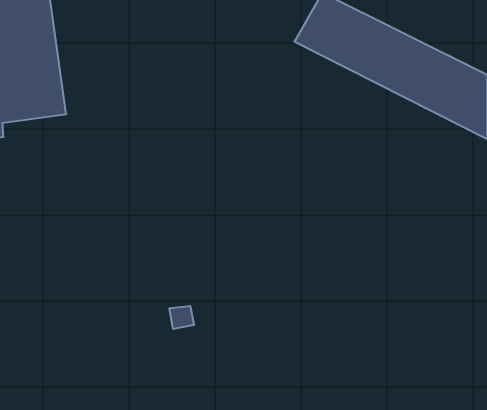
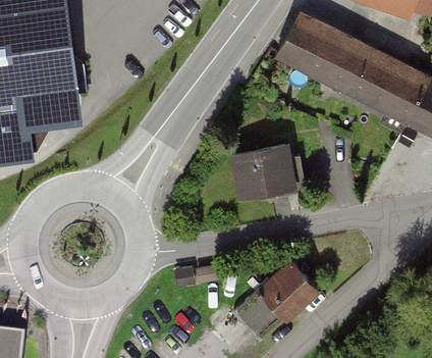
building: none -> [228,144,299,205]
building: none -> [229,259,313,340]

